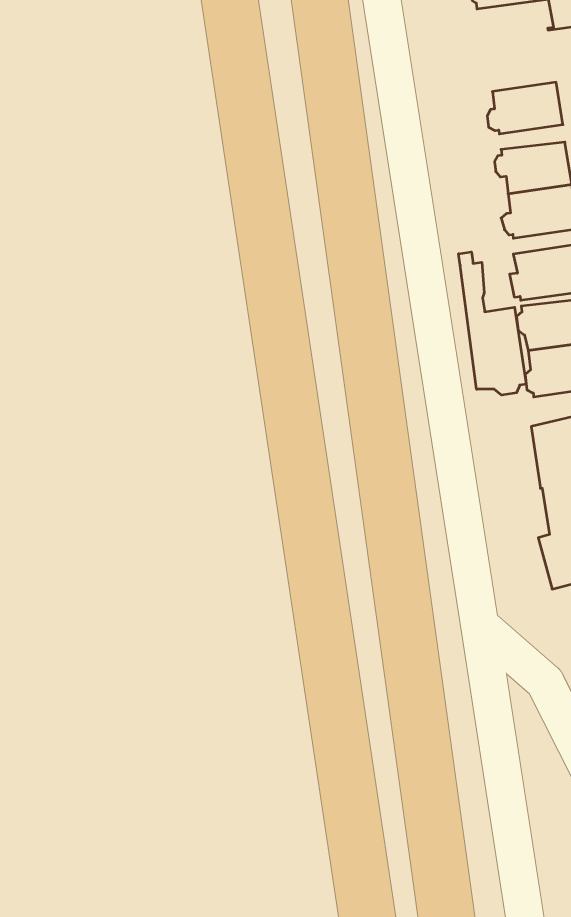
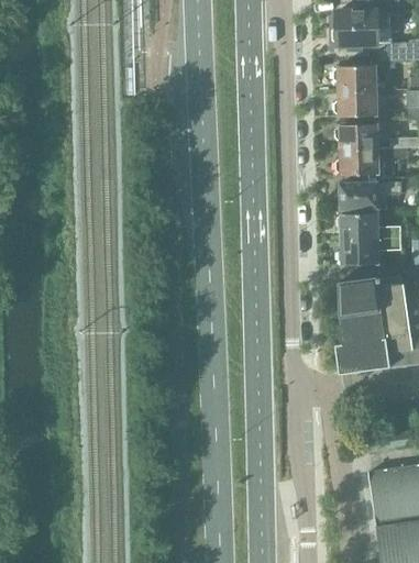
building: none -> [333,65,375,91]
building: [459,252,526,395] -> none

